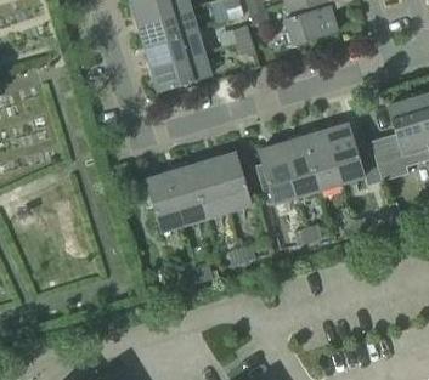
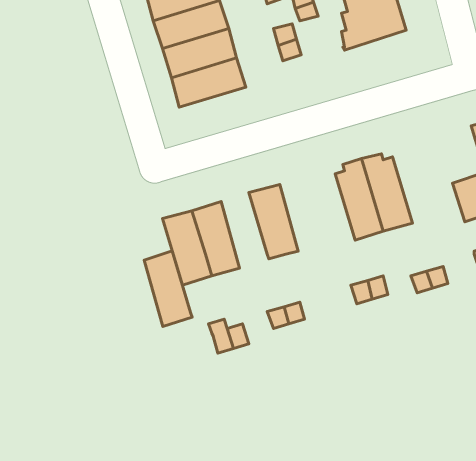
building: [327,124,366,183] -> none
building: [256,144,298,205] -> none
building: [192,159,230,219] -> [144,251,192,326]

